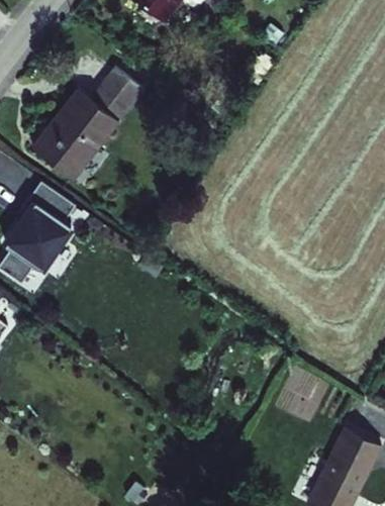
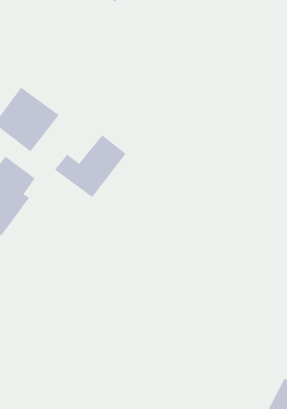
building: [60,69,139,138] -> [54,135,127,198]

